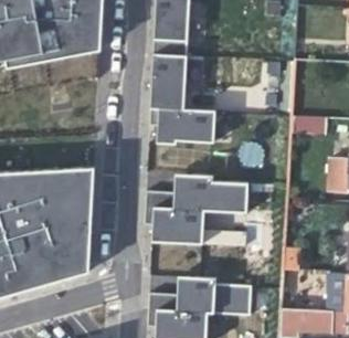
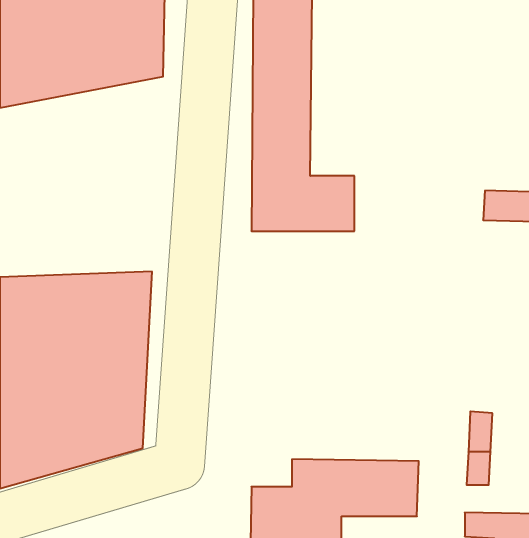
building: [150,177,246,246] -> none

